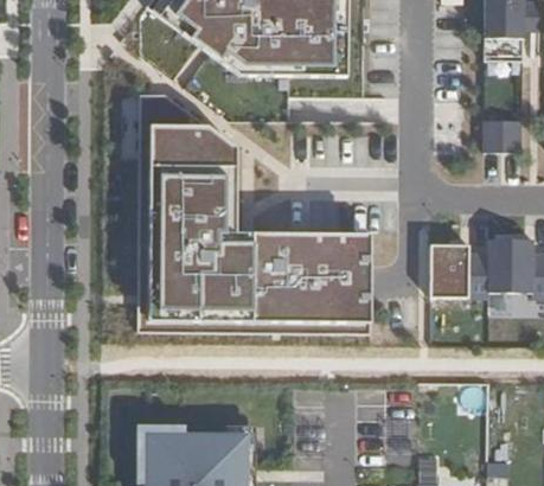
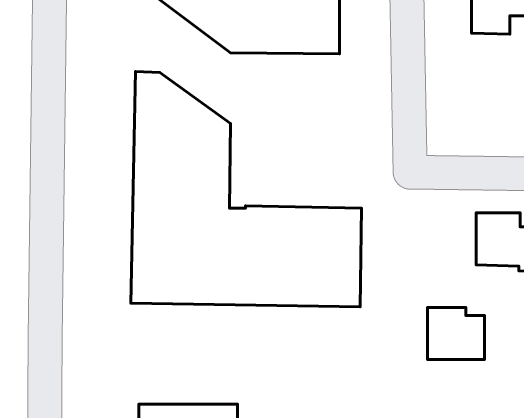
building: [484,119,518,151] -> none
building: [431,243,489,296] -> [428,307,484,360]

